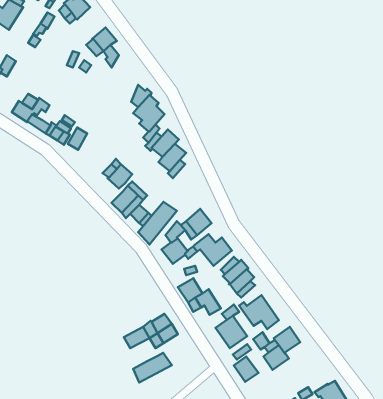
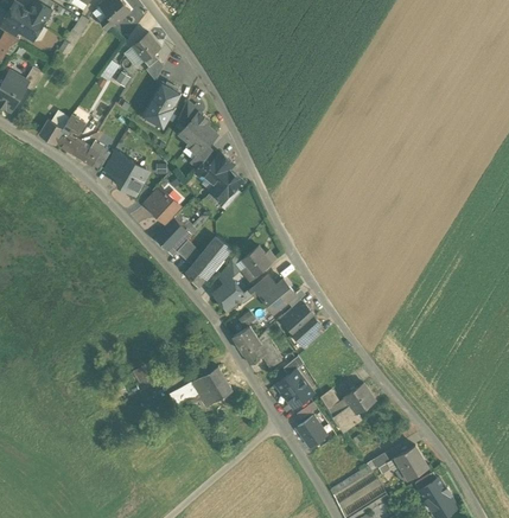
building: none -> [142,83,179,128]
building: none -> [115,158,146,194]
building: [239,295,279,329] -> none
building: [133,353,172,382] -> none

